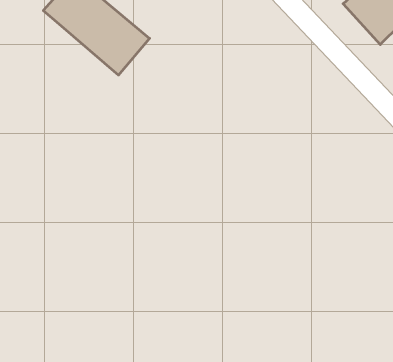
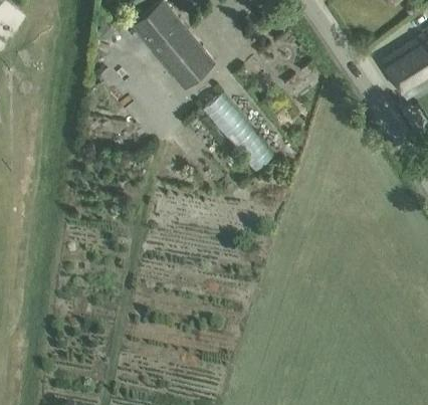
building: none -> [206,96,275,172]

